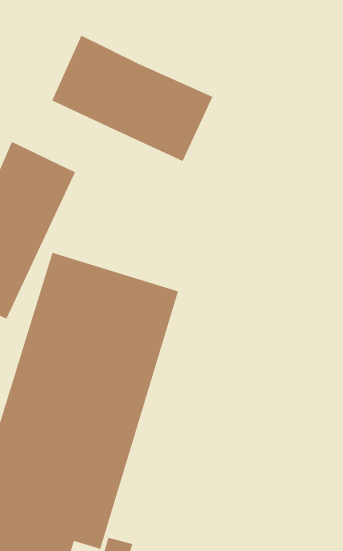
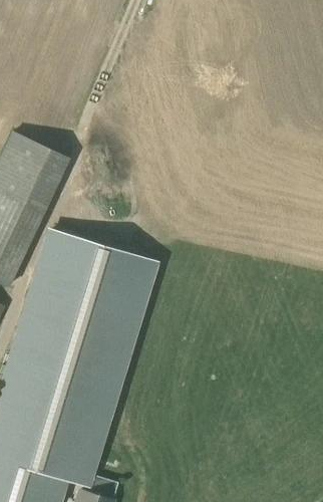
building: [51,35,213,162] -> none

